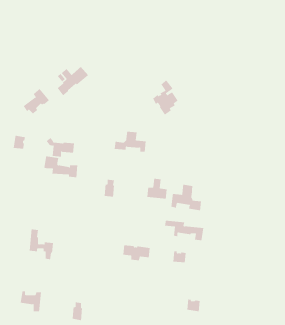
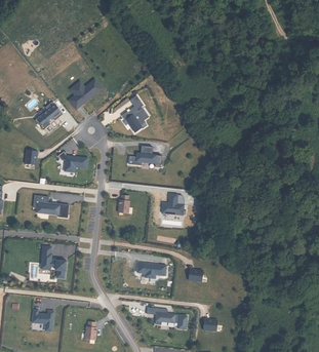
building: [153,80,179,115] -> [122,94,149,131]
building: [43,156,78,178] -> [33,194,69,217]
building: [171,184,202,211] -> none
building: [164,220,204,241] -> [147,307,188,328]

